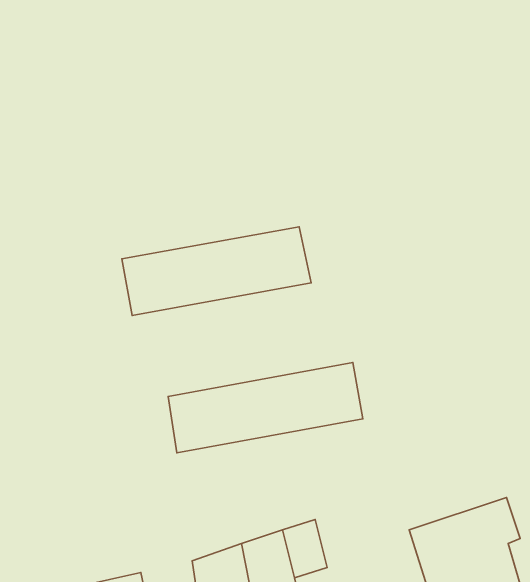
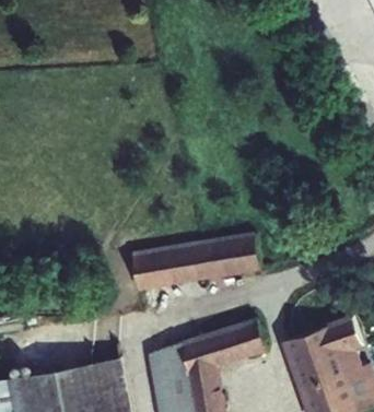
building: [122,227,311,316] -> none
building: none -> [227,321,269,364]

